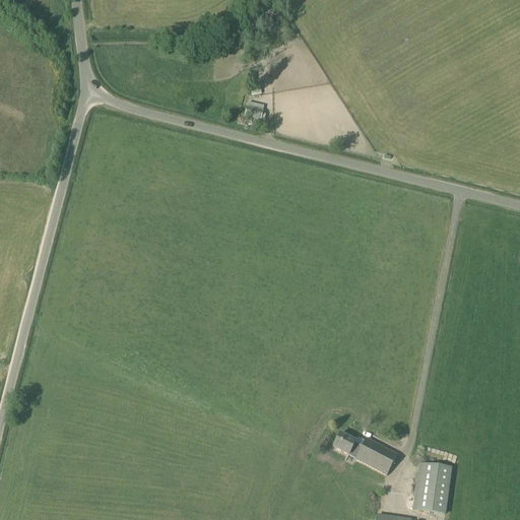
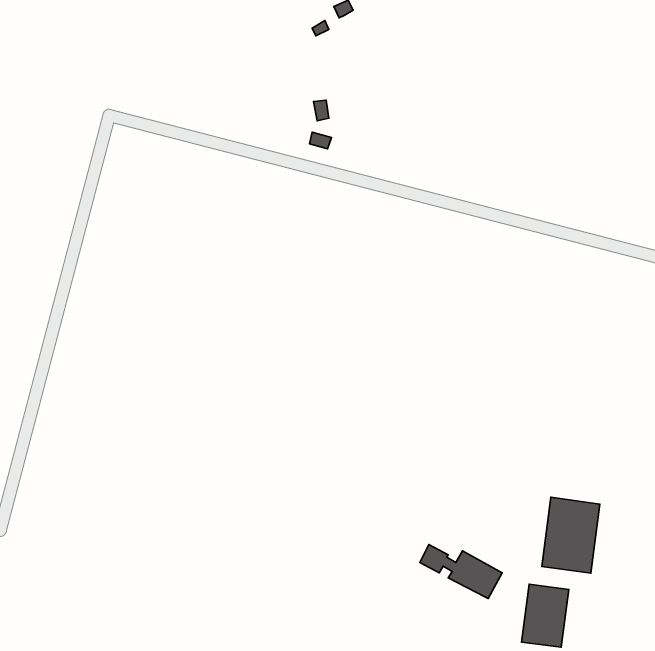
building: none -> [542,497,600,573]

